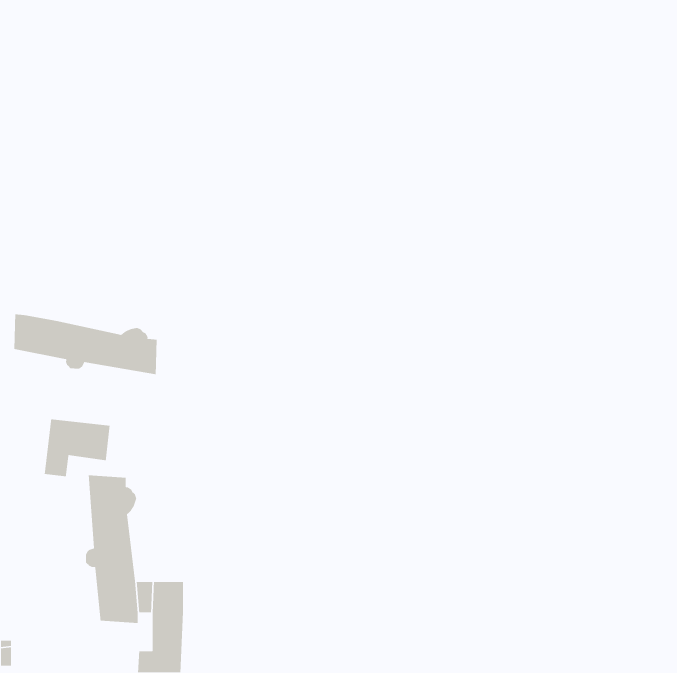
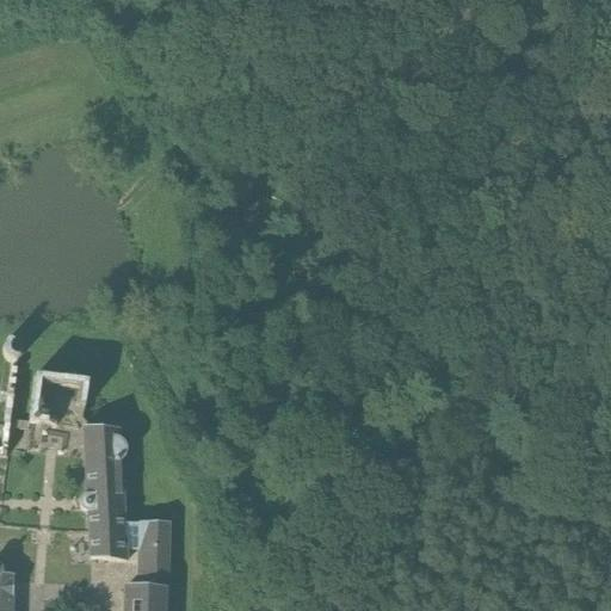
building: [14,314,157,375] -> none

